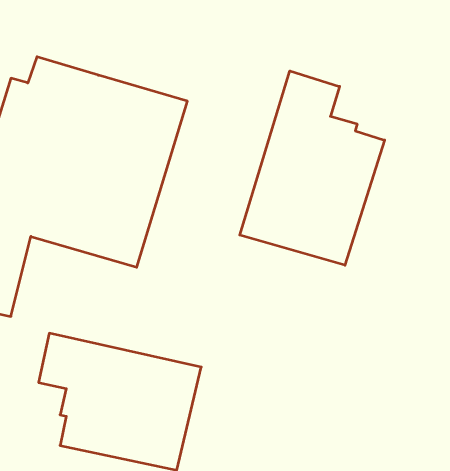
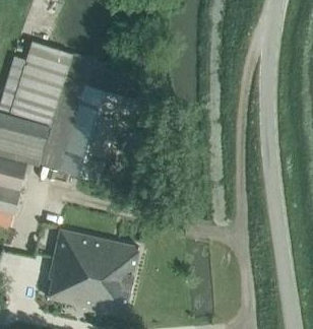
building: [240,71,385,265] -> none

